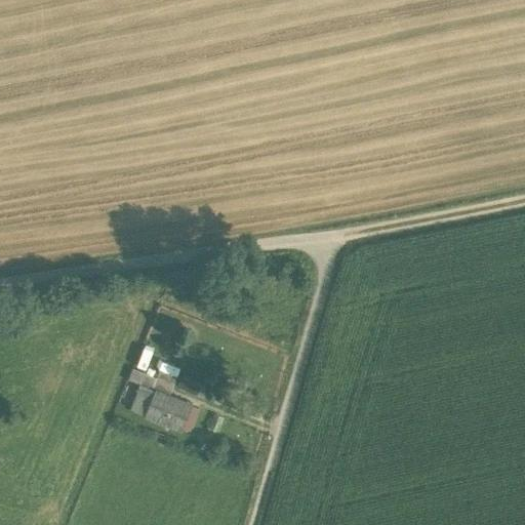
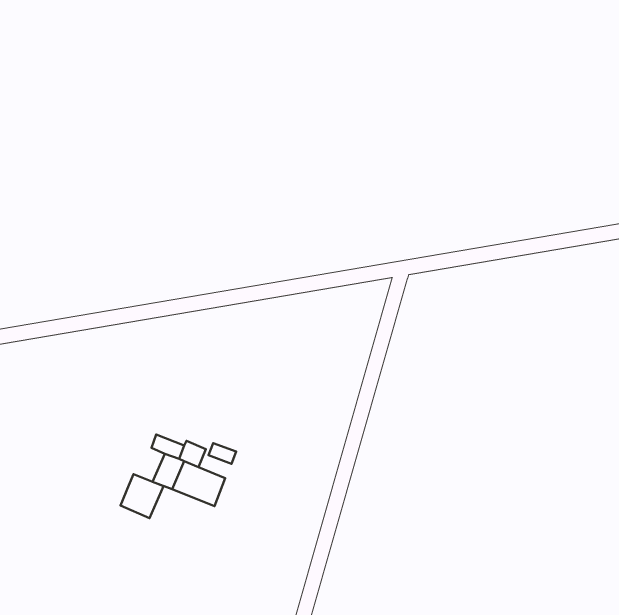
building: none -> [120,474,163,518]

